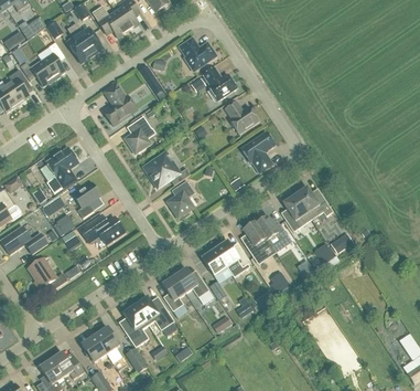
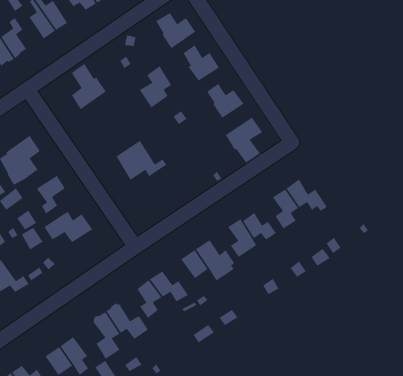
building: [123,116,153,155] -> [139,65,172,109]
building: [166,180,194,219] -> none

